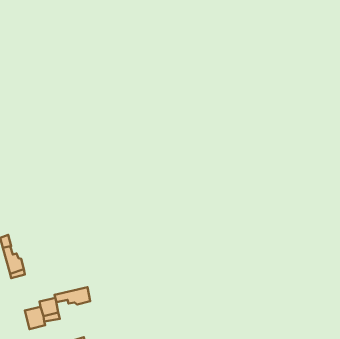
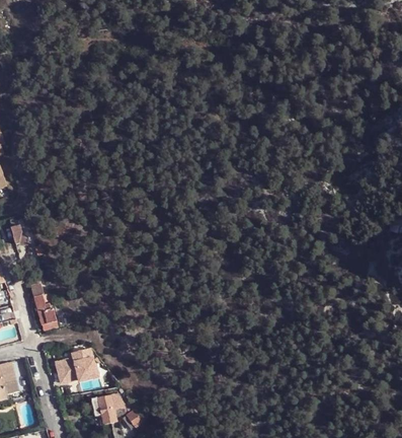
building: [55,287,90,304] -> none

